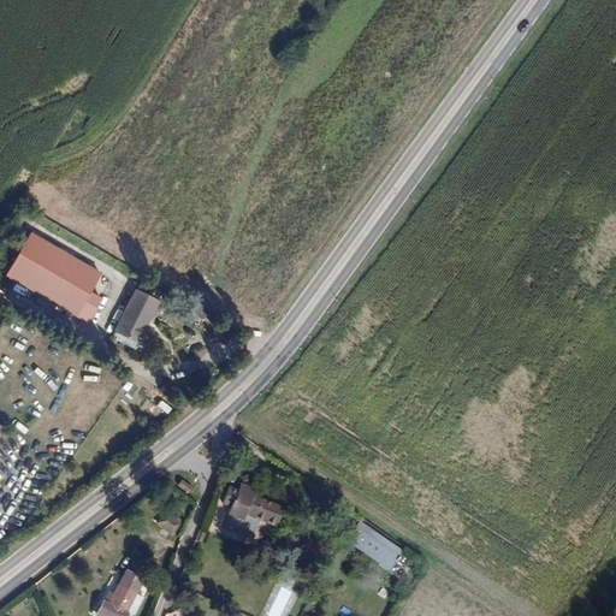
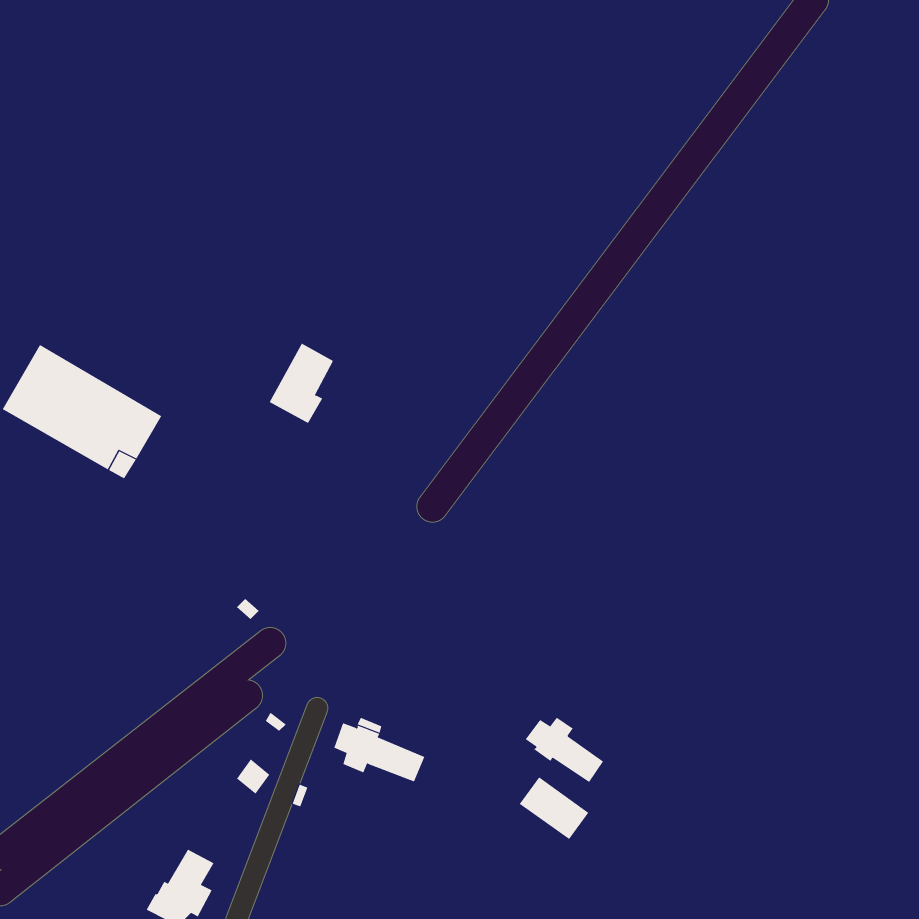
building: [116,291,159,345] -> [269,343,334,424]
building: none -> [525,717,604,783]

